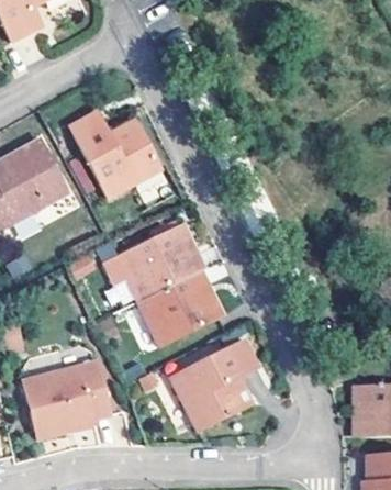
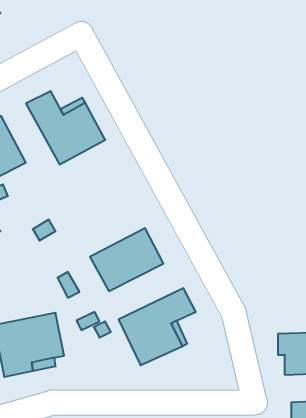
building: [120,219,205,298] -> none

